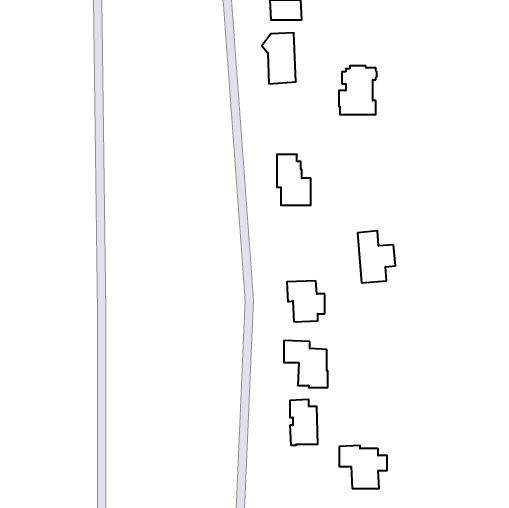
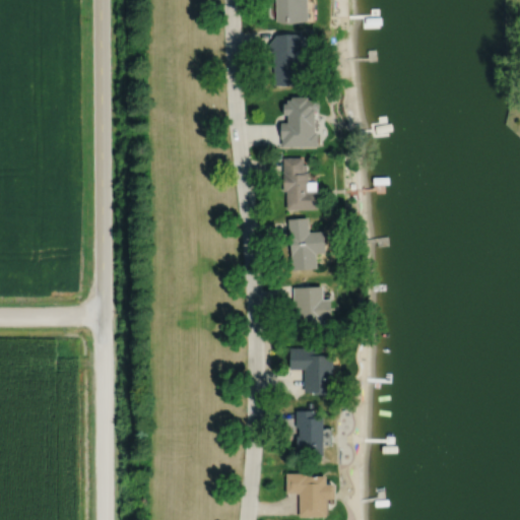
building: [339,66,377,115] -> [280,98,319,147]
building: [358,231,395,283] -> [287,218,326,271]
building: [339,446,387,488] -> [286,471,335,515]

